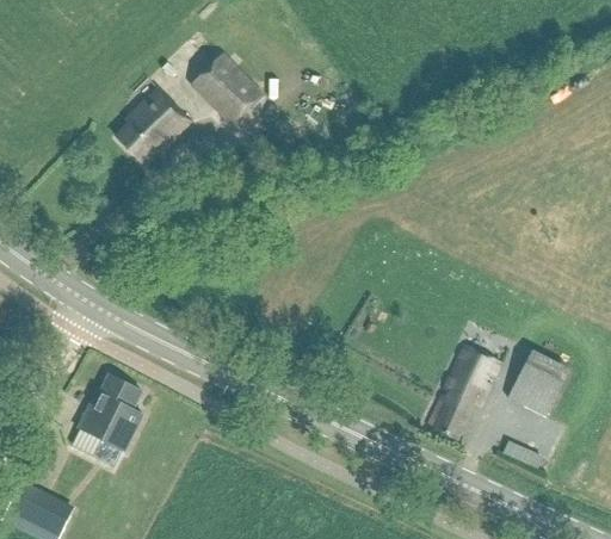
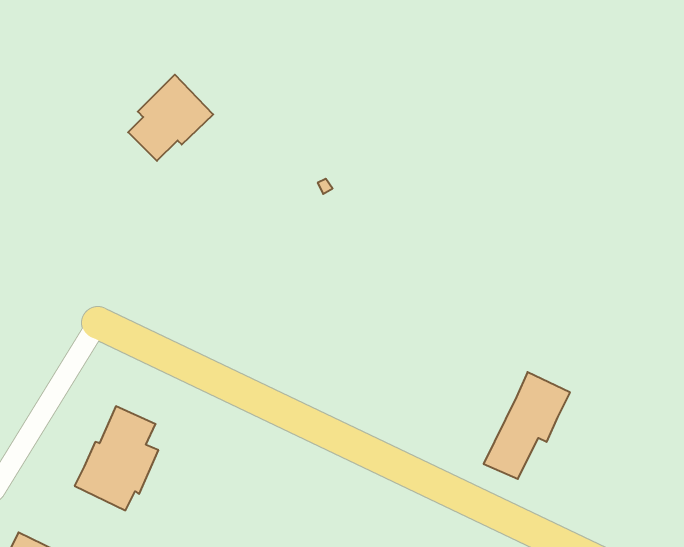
building: [191,52,263,124] -> none
building: [508,348,570,415] -> none

